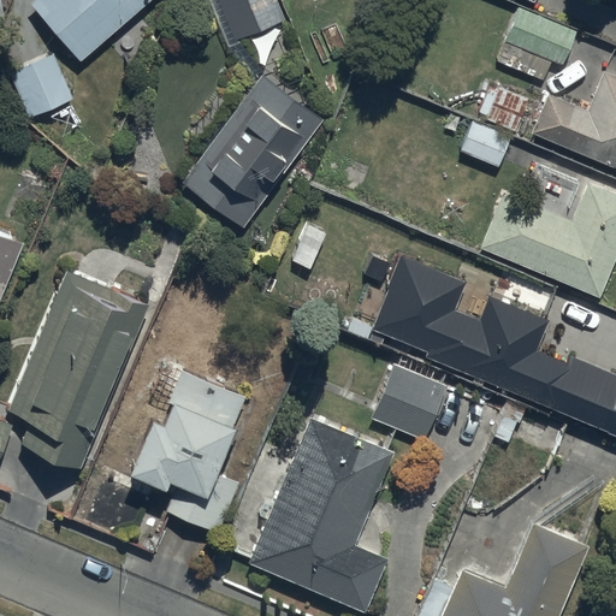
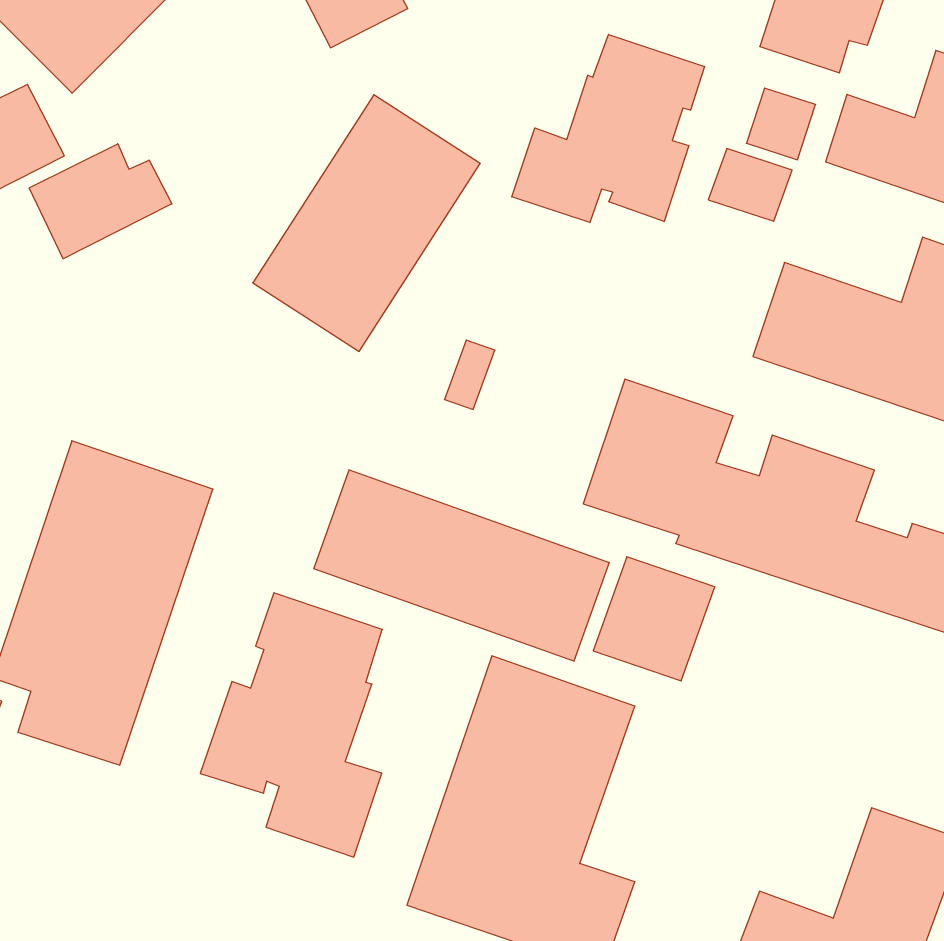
building: none -> [512,34,705,223]
building: none -> [29,144,172,259]
building: none -> [314,470,609,661]

